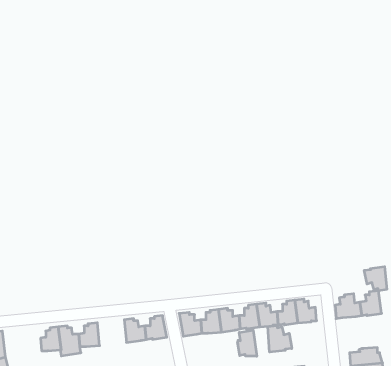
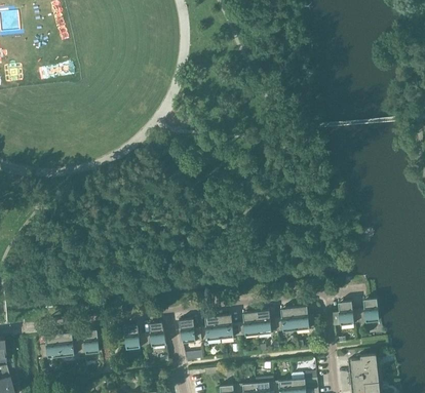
building: [364,267,387,291] -> none
building: [268,325,292,352] -> none
building: [238,330,257,356] -> none

